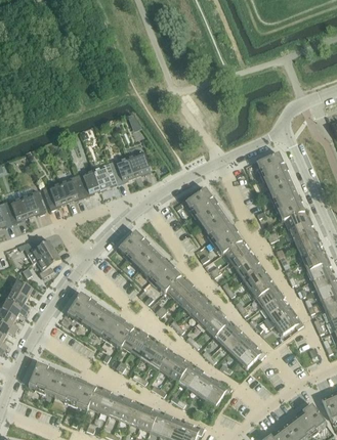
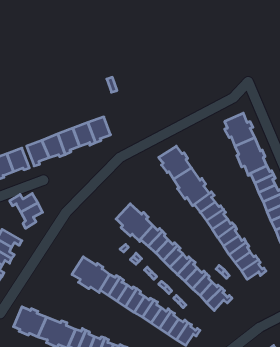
building: [127,151,152,177] -> none
building: [120,232,156,268] -> none
building: [69,294,104,328] -> none

